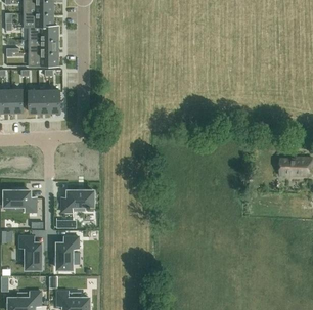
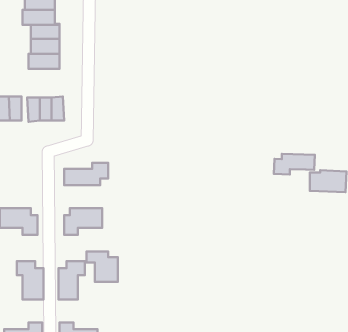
building: none -> [274,154,315,174]
building: none -> [64,163,108,185]
building: none -> [87,252,118,282]

